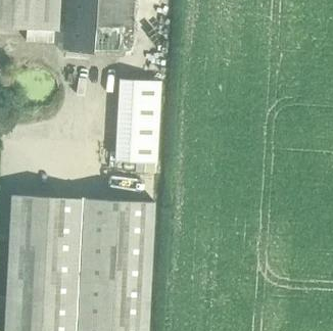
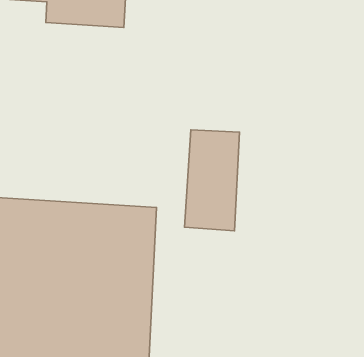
building: [114,80,160,164] -> [185,130,239,231]

